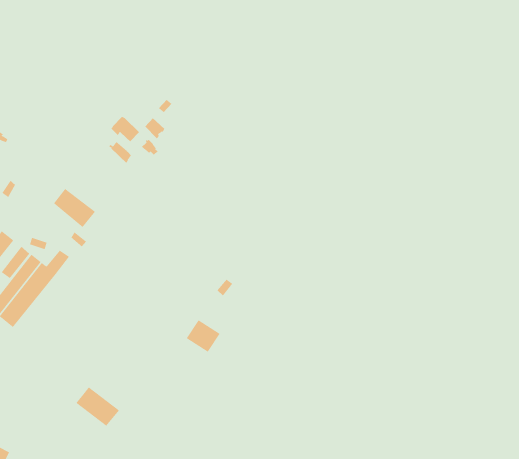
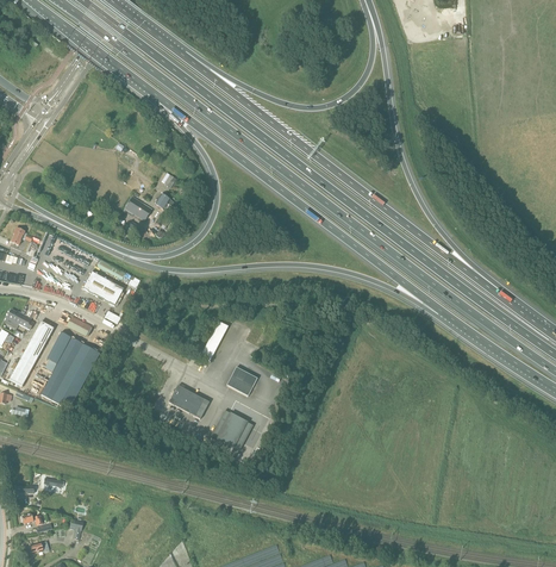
building: none -> [212,412,249,448]
building: [76,387,120,427] -> [169,385,211,418]

